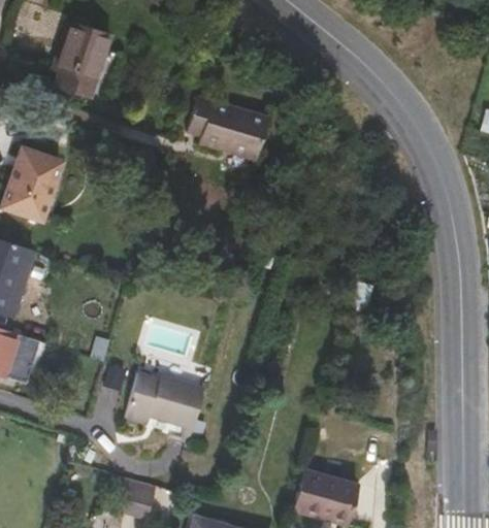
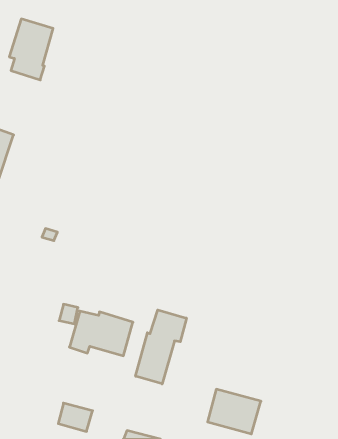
building: [189,97,268,159] -> none
building: none -> [136,310,186,384]

